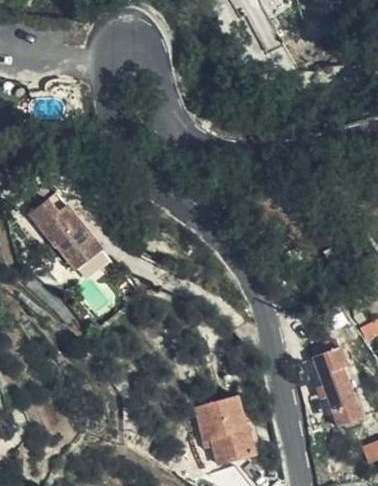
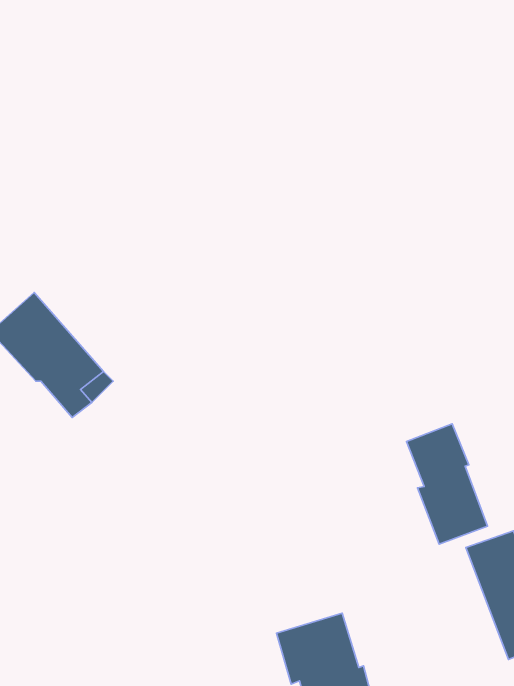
building: none -> [407,424,488,544]

